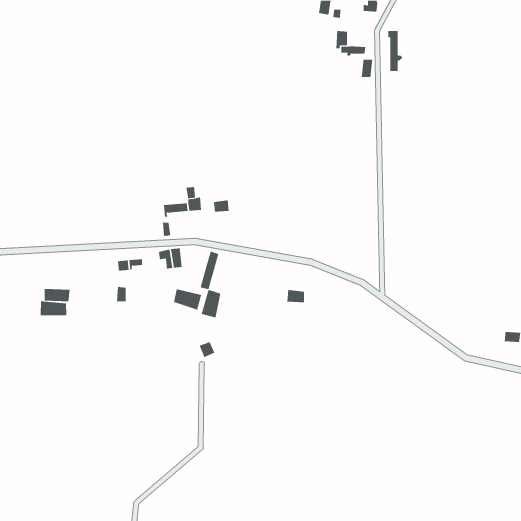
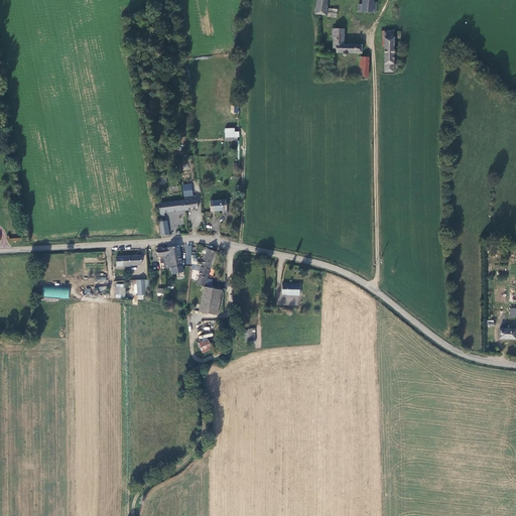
building: [173,288,202,311] -> none
building: [40,300,67,316] -> none

